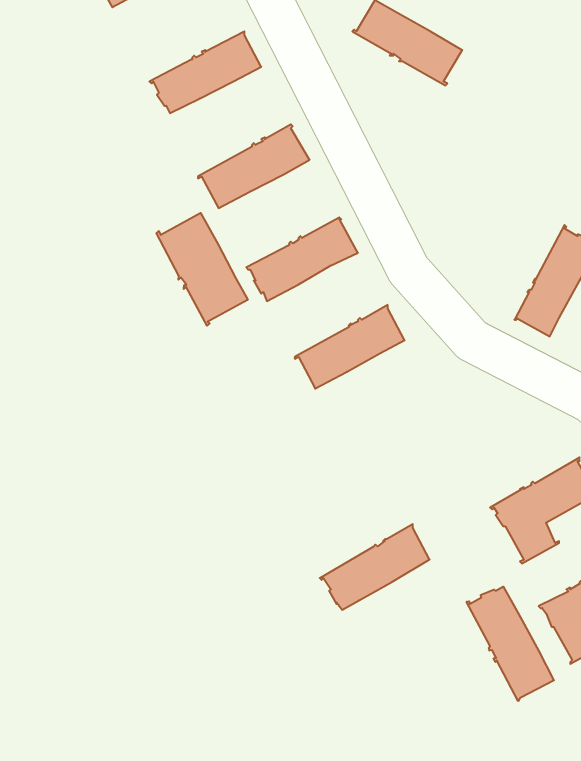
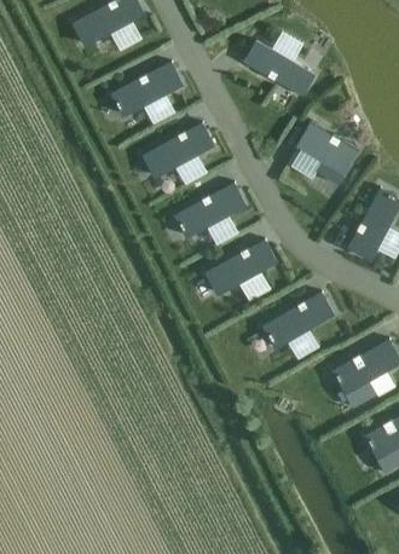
building: none -> [297,123,358,185]
building: [156,213,248,326] -> none
building: [320,524,430,610] -> [261,292,332,347]
building: [467,587,554,701] -> none

